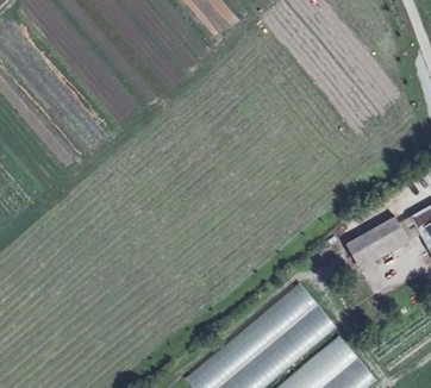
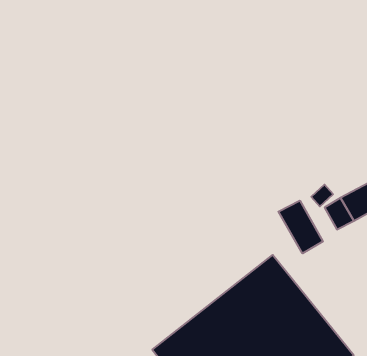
building: none -> [278,201,323,253]

